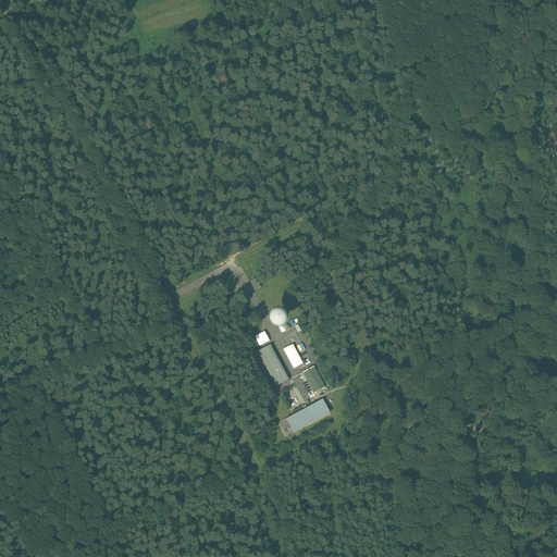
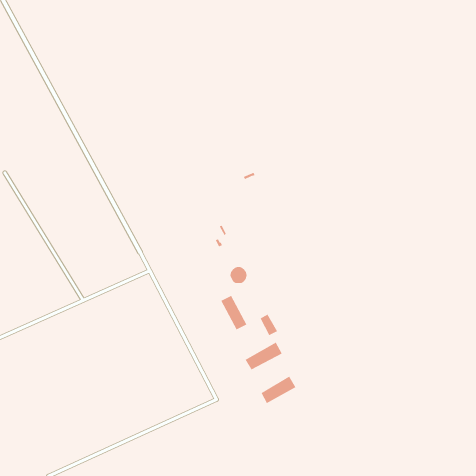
building: none -> [260,375,296,404]

